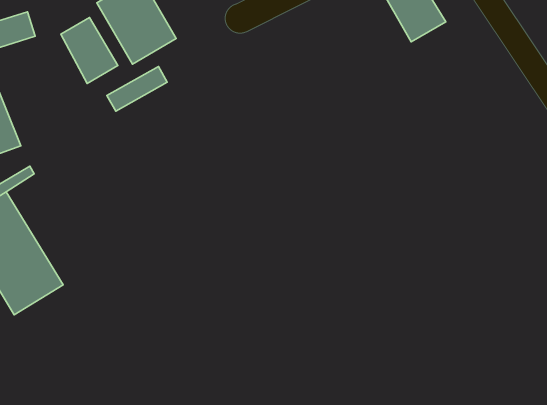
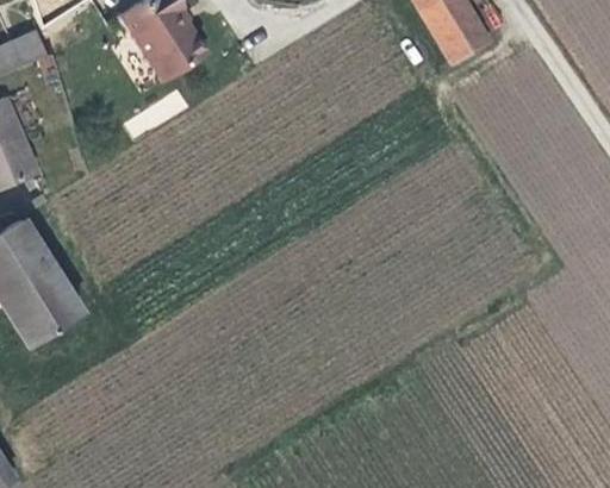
building: [61,18,118,83] -> none

